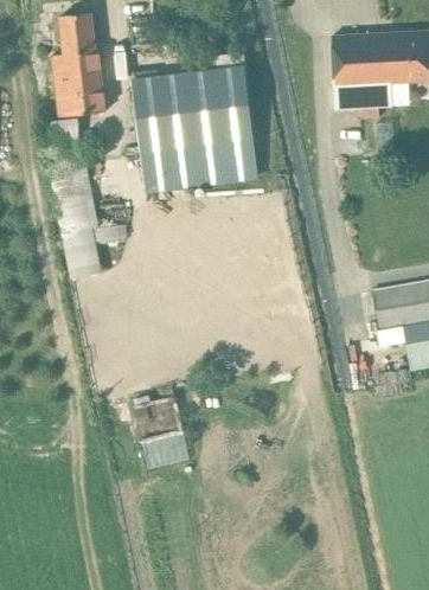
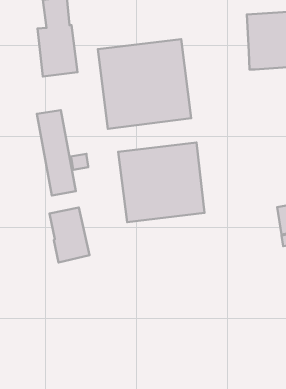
building: none -> [118,142,205,222]
building: [135,395,188,468] -> [50,207,89,262]

